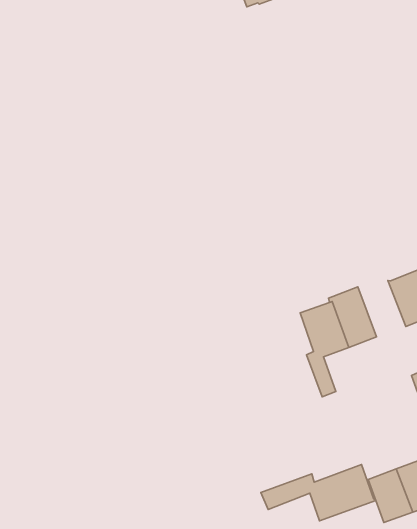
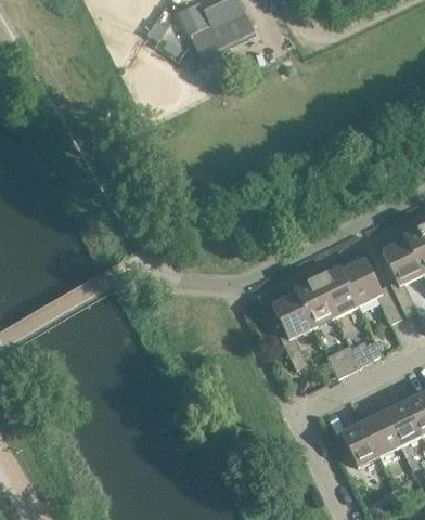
building: none -> [315,265,358,316]
building: none -> [327,347,360,378]
building: [261,465,376,521] -> none

